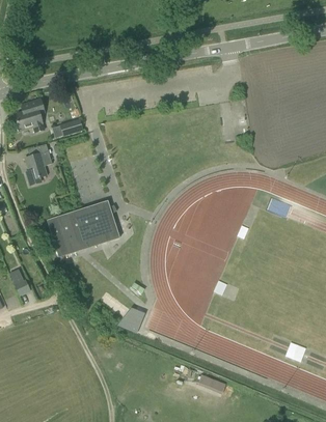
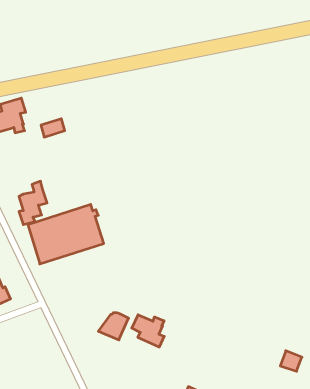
building: [25,143,52,185] -> [19,181,47,225]
building: none -> [132,315,164,347]

